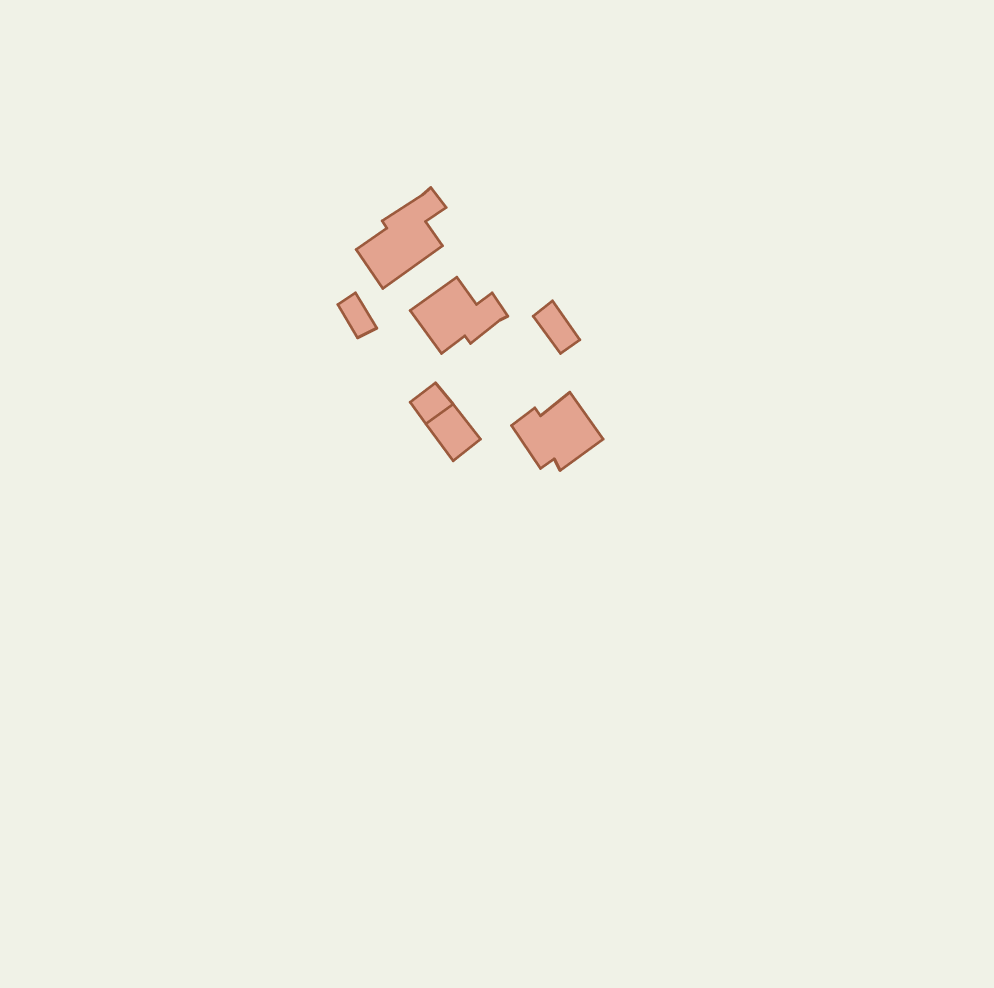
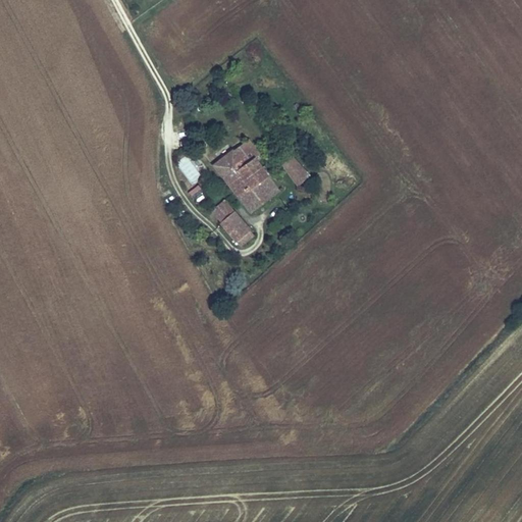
building: [356,188,446,288] -> none
building: [511,392,603,470] -> [230,167,278,208]

